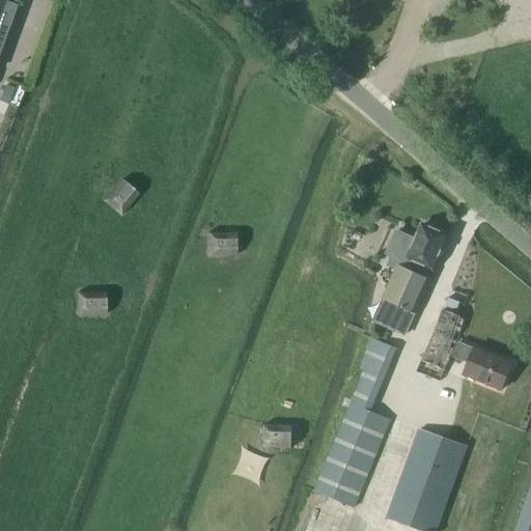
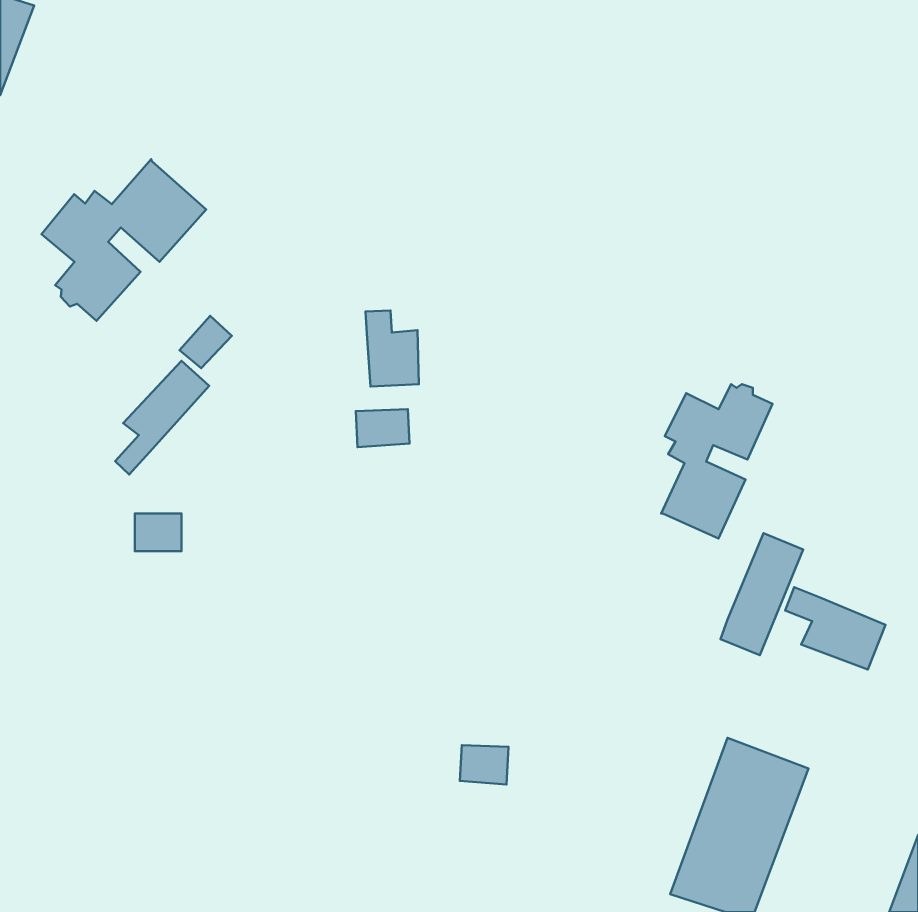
building: none -> [41,159,206,321]
building: none -> [366,310,419,386]
building: none -> [115,361,209,474]
building: [314,315,399,505] -> none

